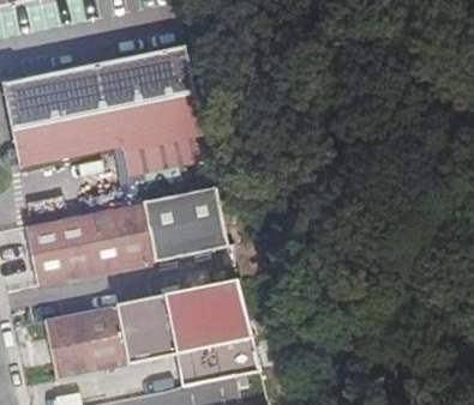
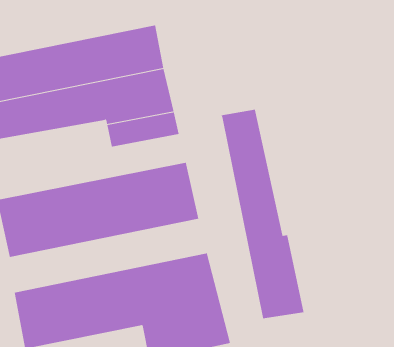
building: none -> [221,109,304,319]

